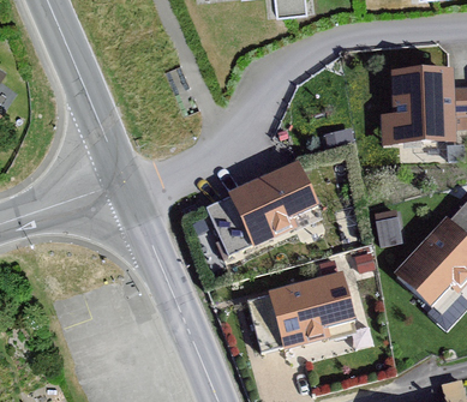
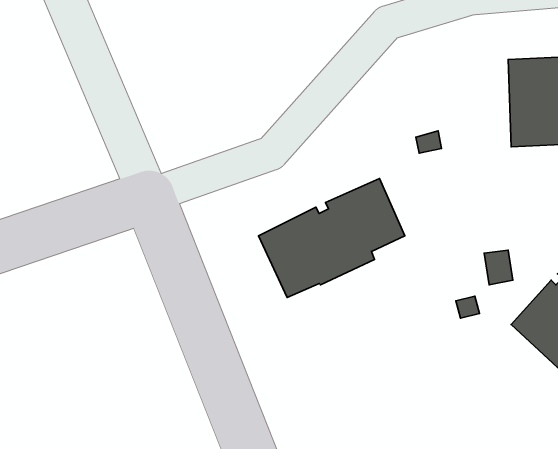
building: [247,275,354,352] -> none

